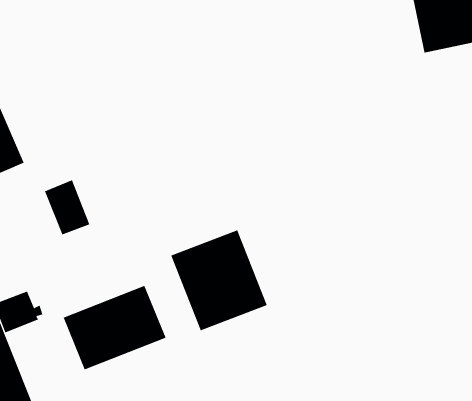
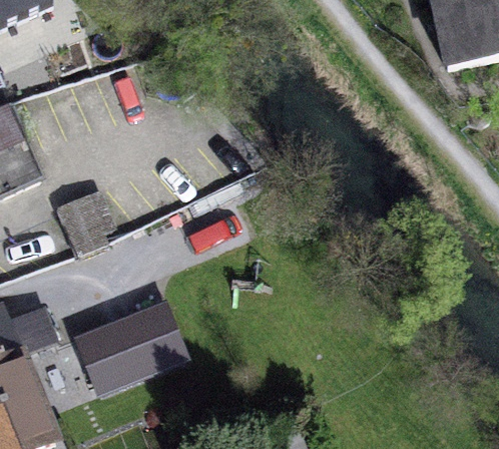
building: [171,230,267,331] -> none

